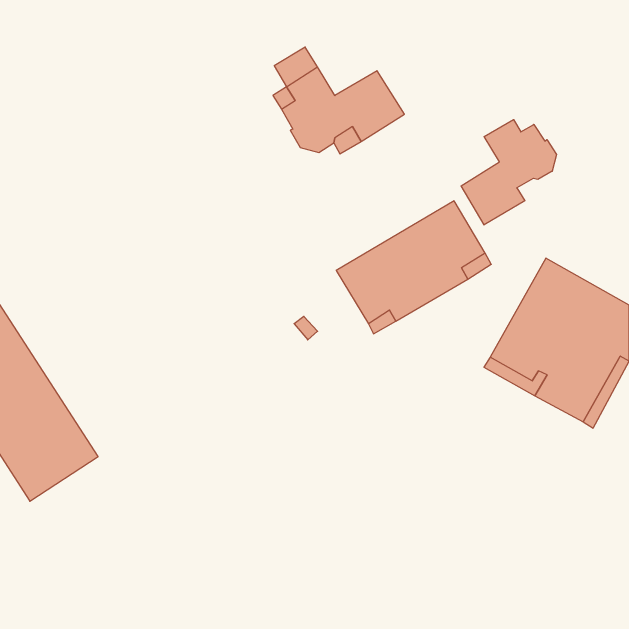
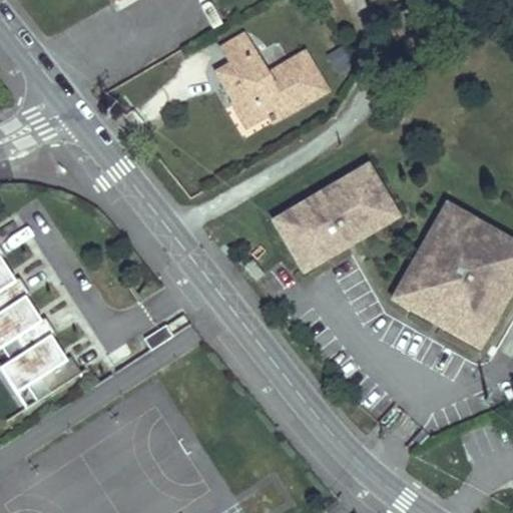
building: [461,120,556,225] -> none

